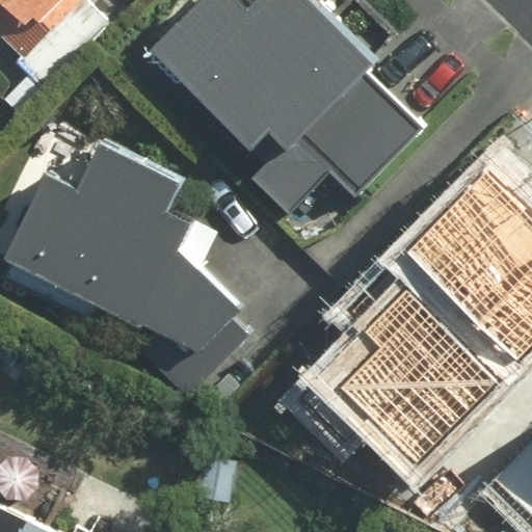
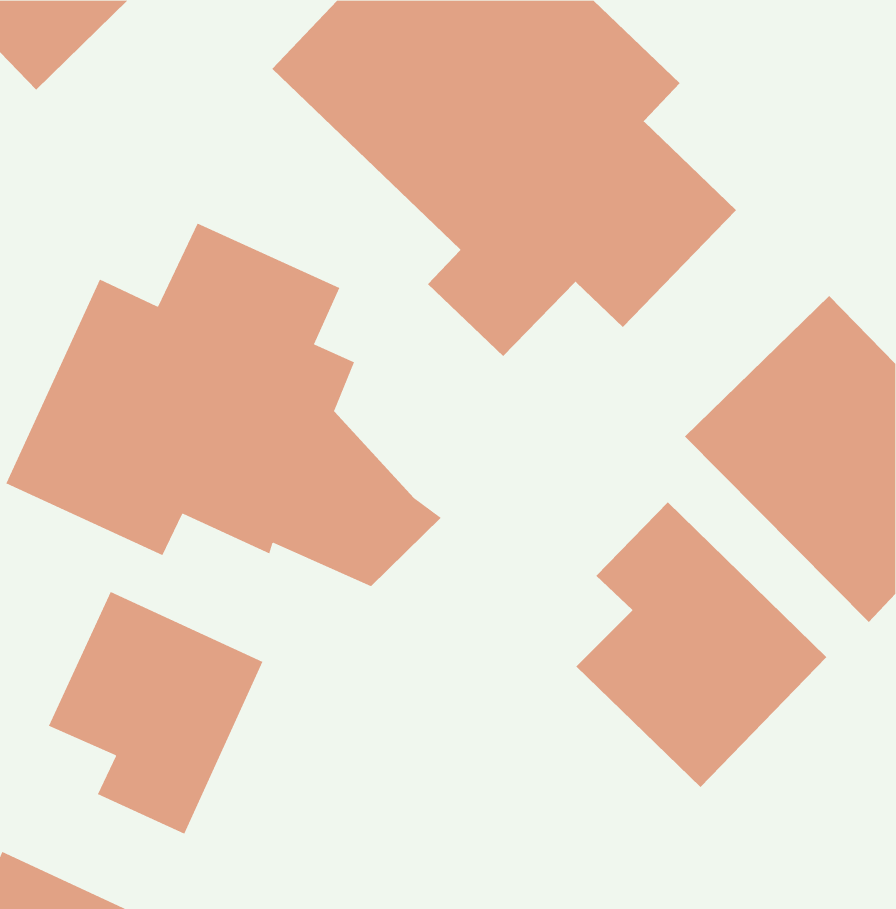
building: none -> [48,591,263,834]

